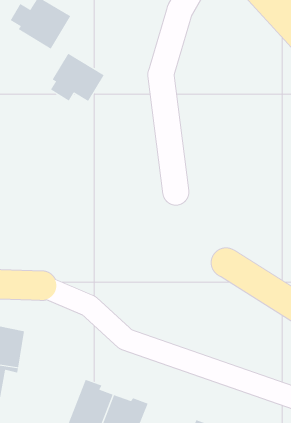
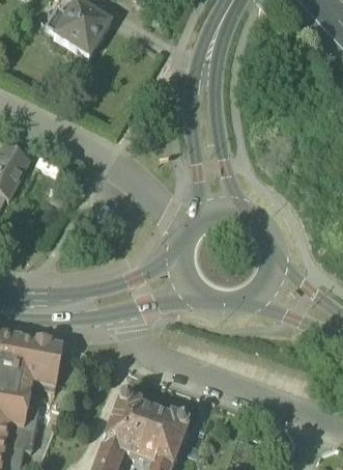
building: [50,53,105,102] -> none

